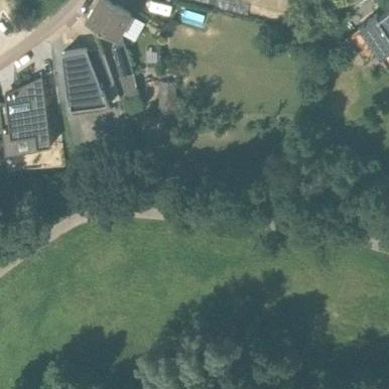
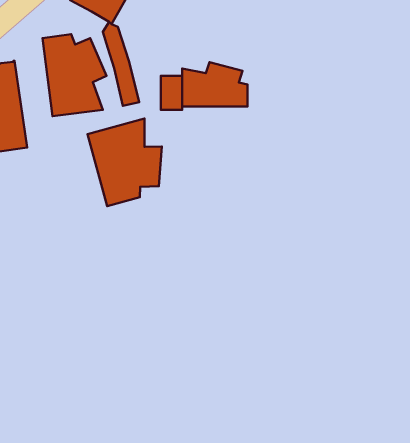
building: none -> [182,62,248,106]
building: none -> [88,119,162,206]

